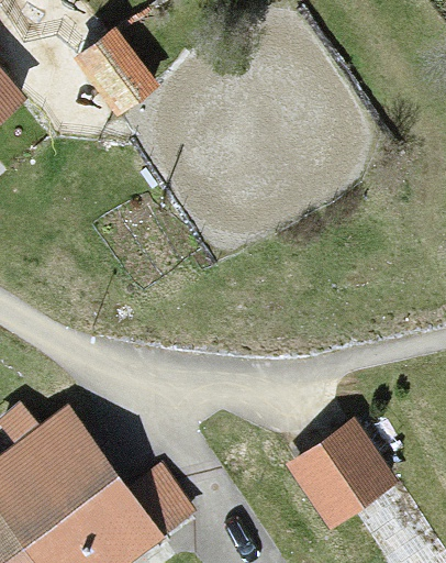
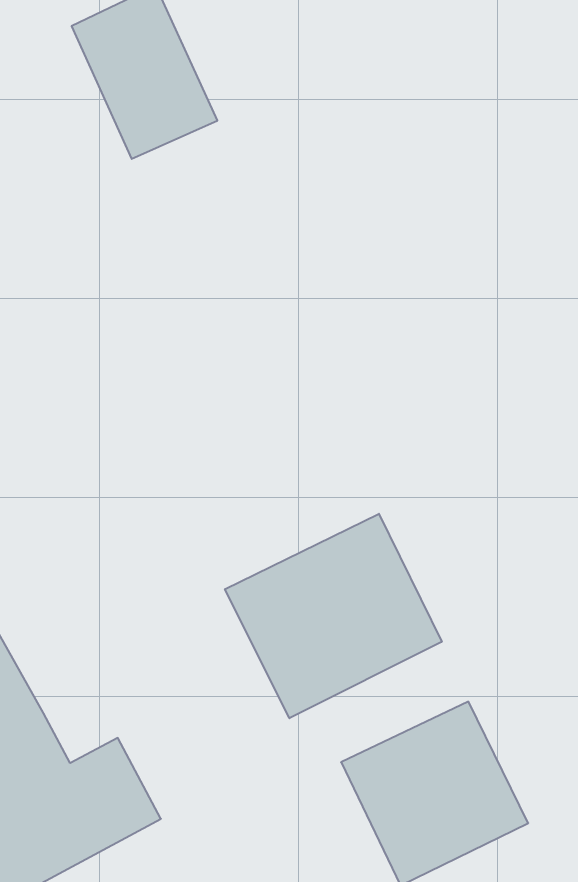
building: none -> [225,514,442,718]

